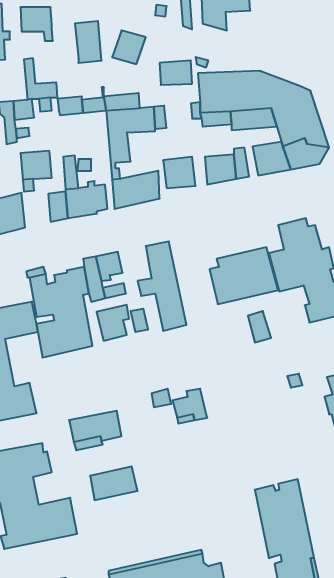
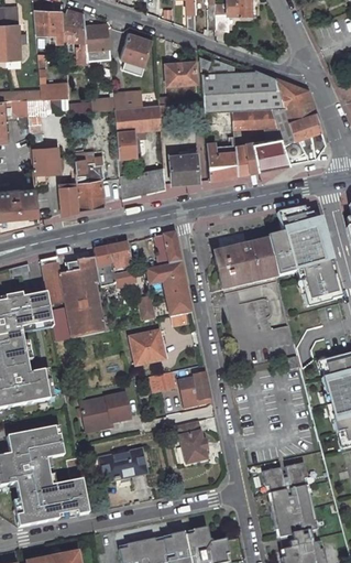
building: none -> [64,9,89,59]
building: [97,305,129,341] -> [130,332,161,366]
building: none -> [176,420,205,463]

